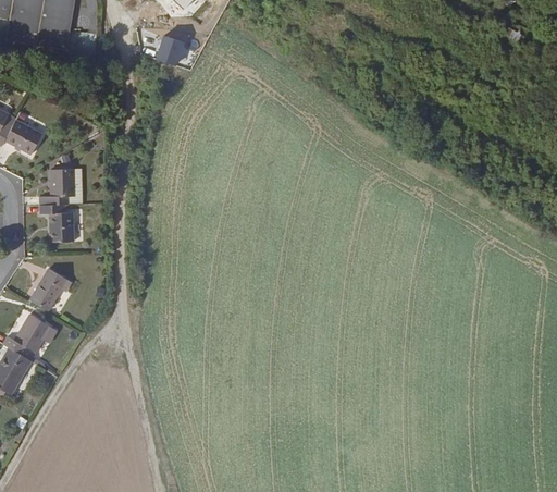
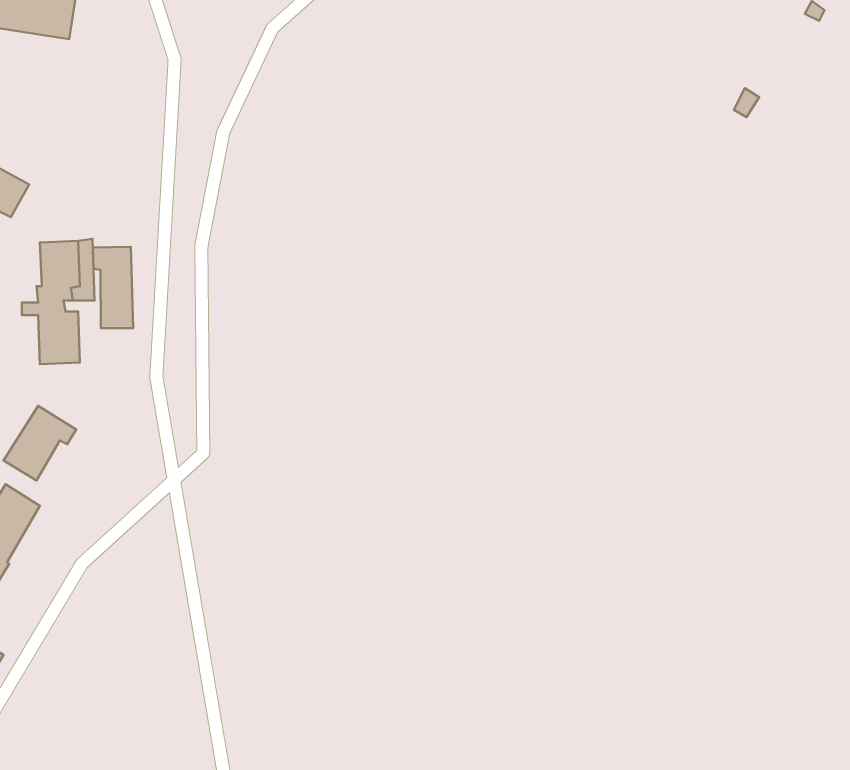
building: [156,29,185,61] -> none
building: none -> [93,247,133,328]

